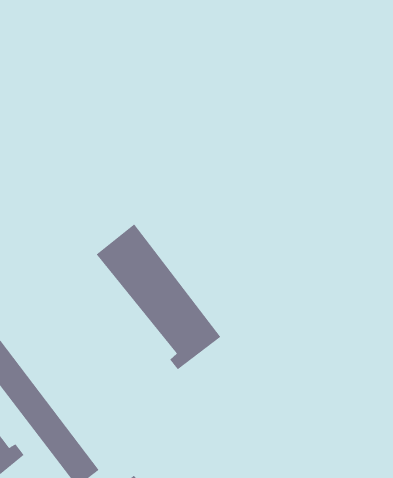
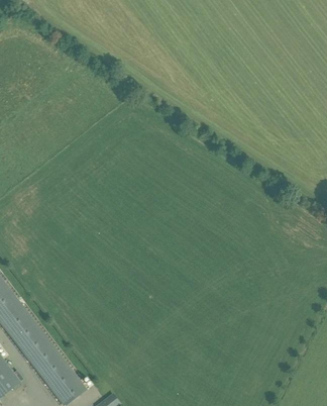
building: [96,223,221,370] -> none

